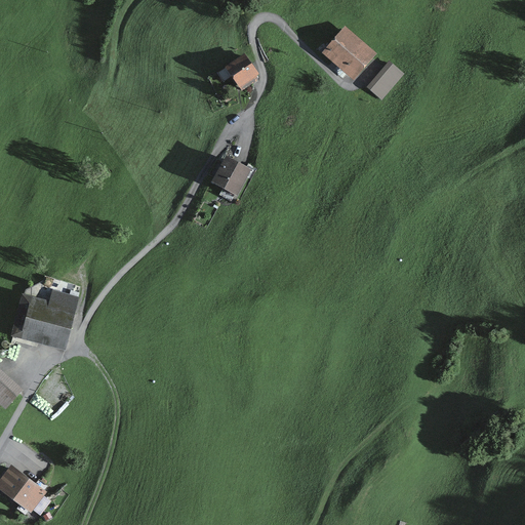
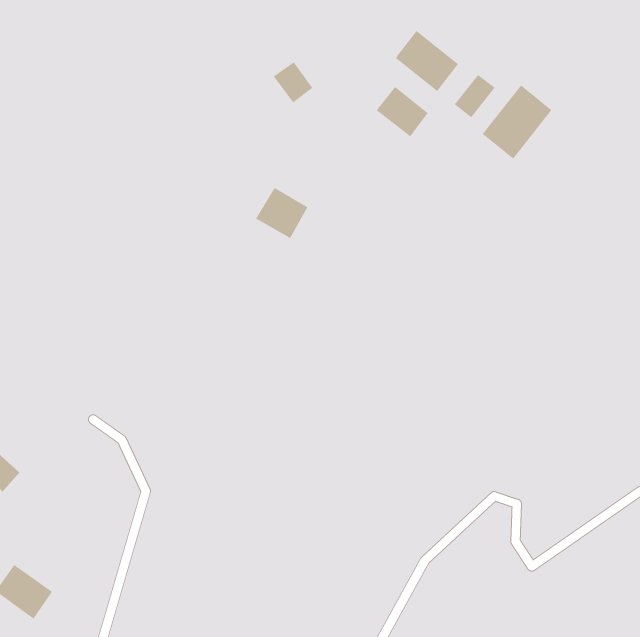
building: none -> [482,85,552,159]
building: none -> [376,86,428,137]
building: [18,288,75,348] -> none

